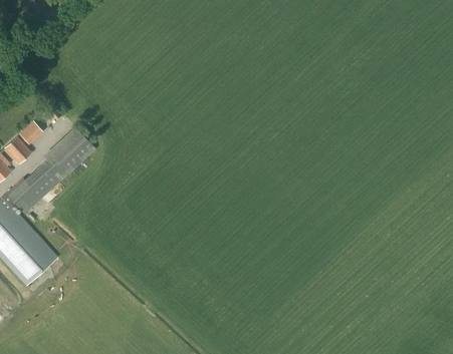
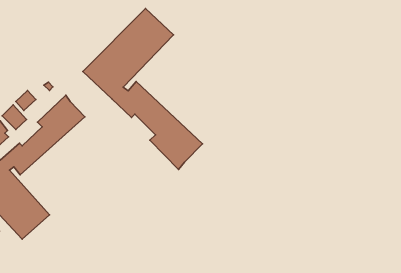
building: none -> [83,8,203,170]

